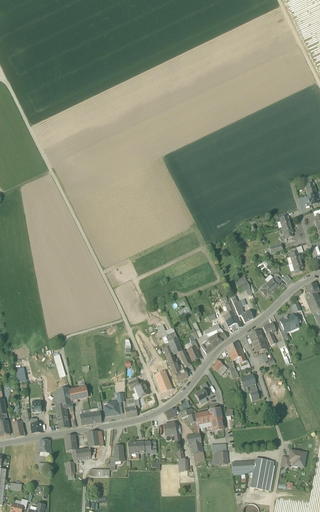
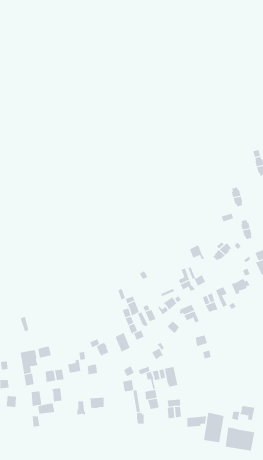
building: none -> [225,427,255,452]

